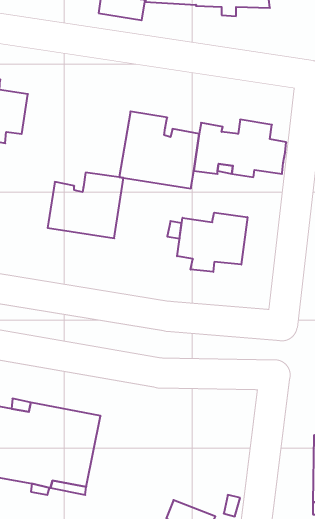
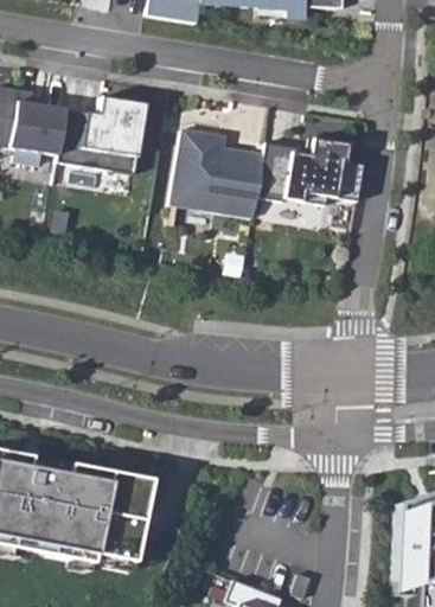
building: [48,173,123,238] -> [57,98,145,174]
building: [177,213,247,272] -> none

